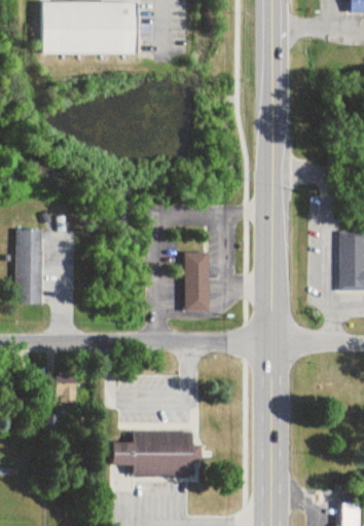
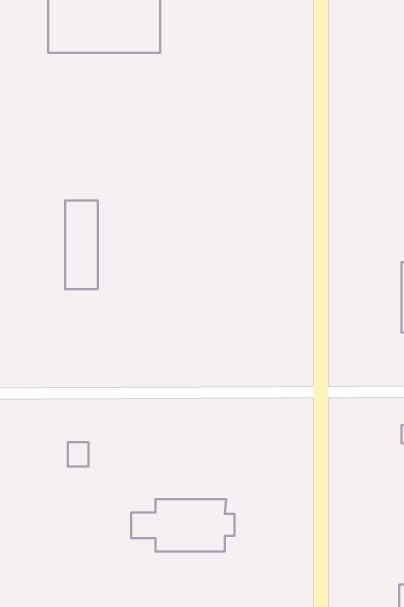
building: [15,228,43,303] -> [65,200,98,289]
building: [185,251,209,310] -> none

